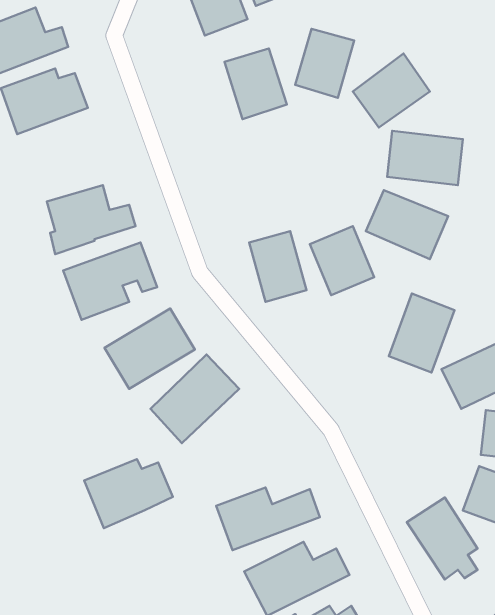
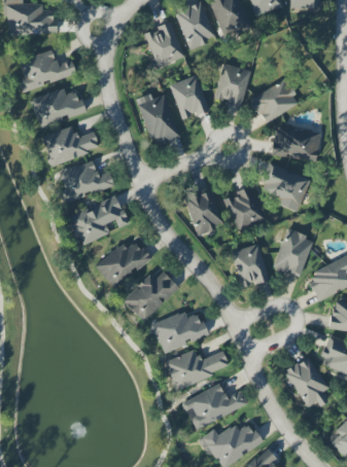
building: none -> [137,94,180,146]
building: none -> [41,127,100,166]
building: none -> [232,244,268,286]
building: [84,459,173,528] -> [151,311,207,354]

